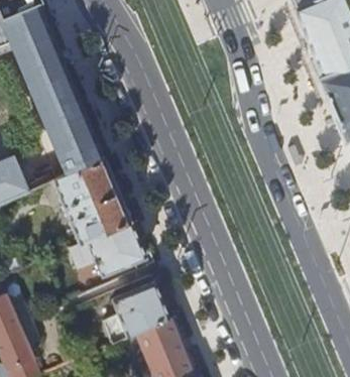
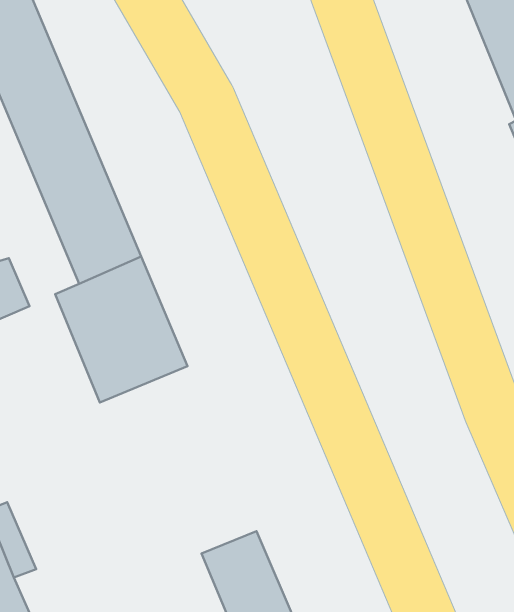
building: [69,223,144,277] -> none
building: [103,282,169,344] -> none

